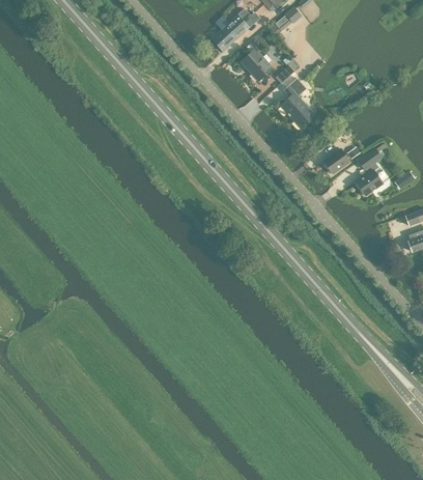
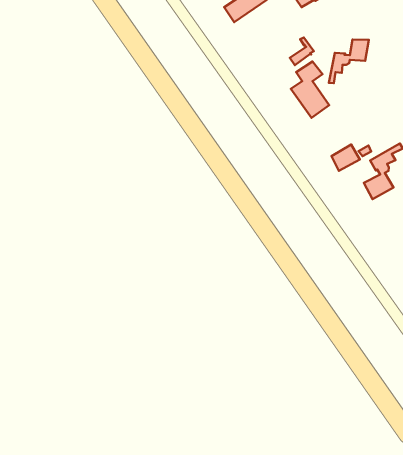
building: [239,48,272,81] -> none
building: none -> [329,39,369,83]

